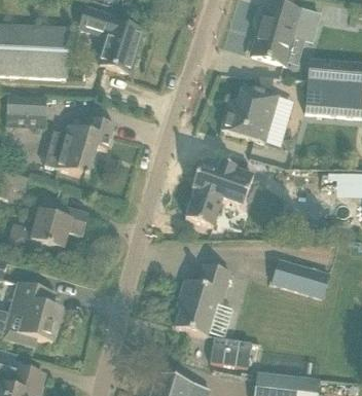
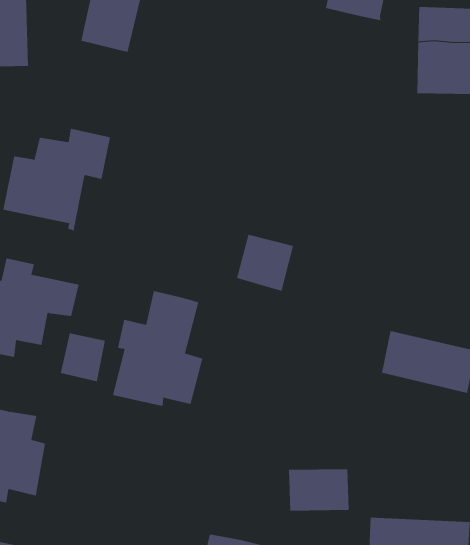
building: [221,84,280,142] -> none
building: [192,159,253,207] -> none
building: none -> [60,332,105,382]
building: [175,263,232,335] -> [112,290,203,407]

